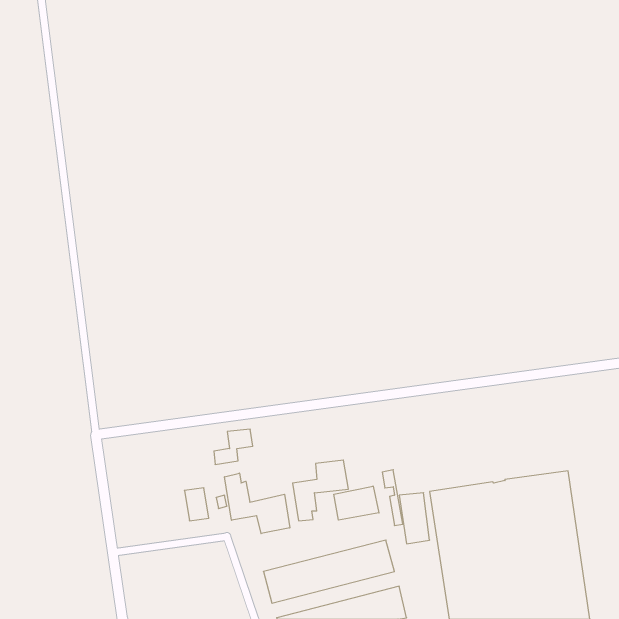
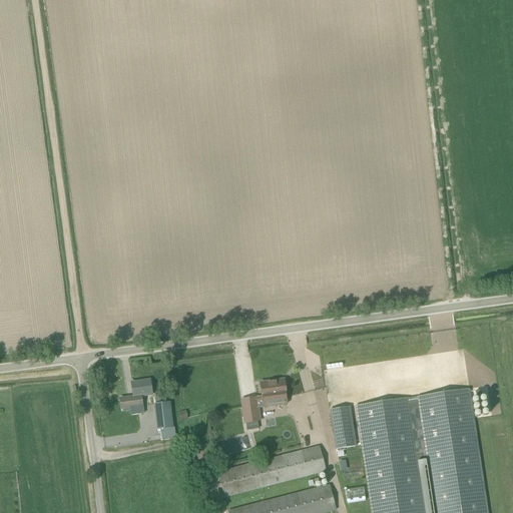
building: [214,429,253,464] -> [121,380,153,409]
building: [225,473,290,534] -> none
building: [334,486,379,520] -> none

